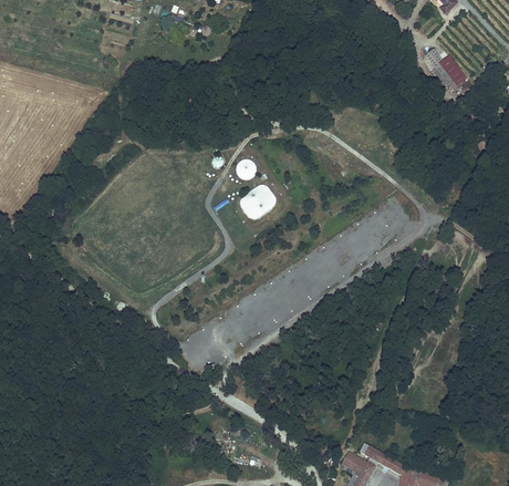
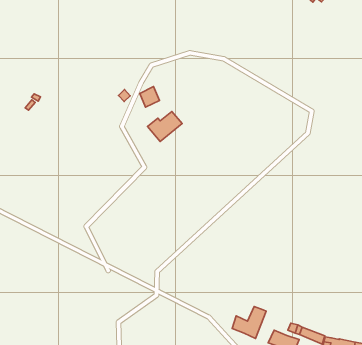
building: none -> [232,306,266,338]

